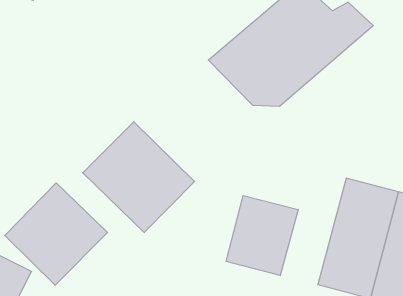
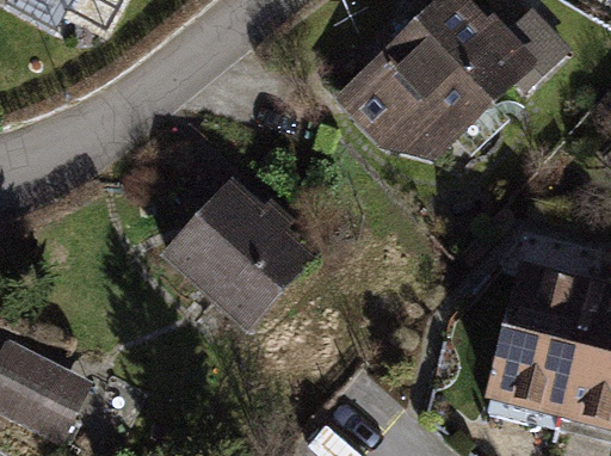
building: [5,183,108,285] -> none
building: [226,196,298,276] -> none

